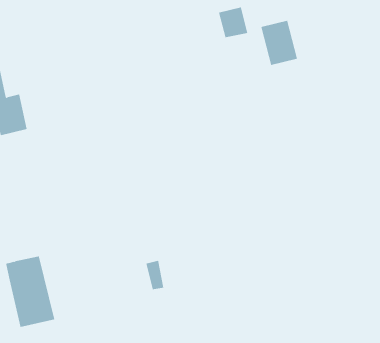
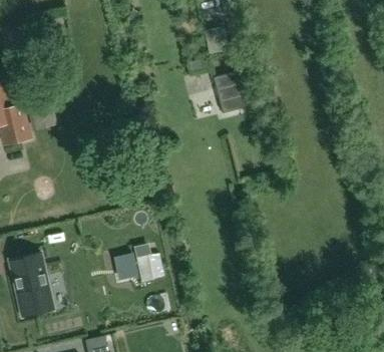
building: [260,20,298,65] -> [213,70,247,111]
building: none -> [113,252,138,279]

